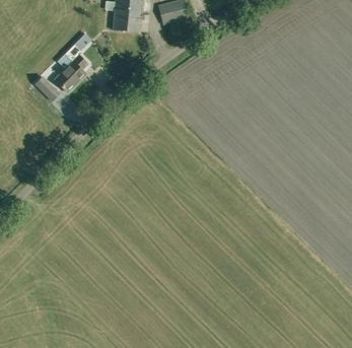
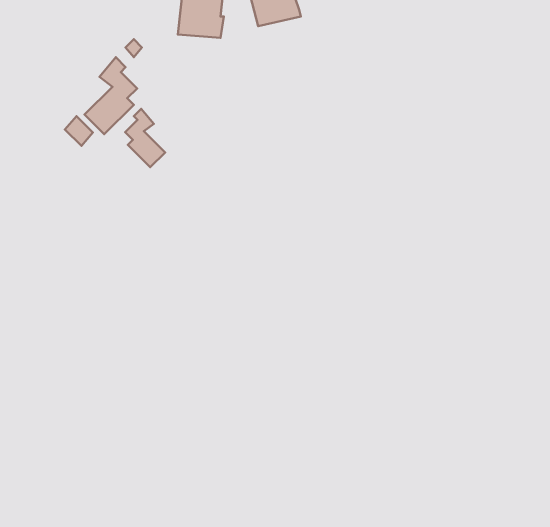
building: none -> [125,109,165,167]

